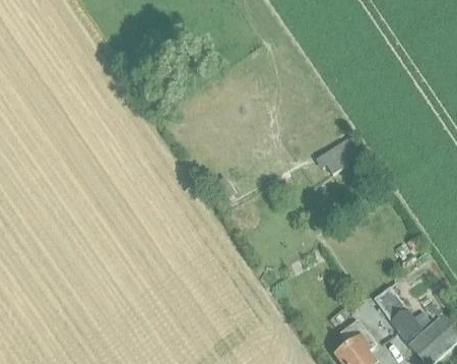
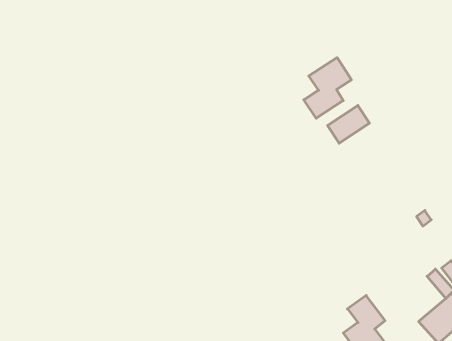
building: none -> [304,58,351,118]
building: [373,285,420,340] -> none

